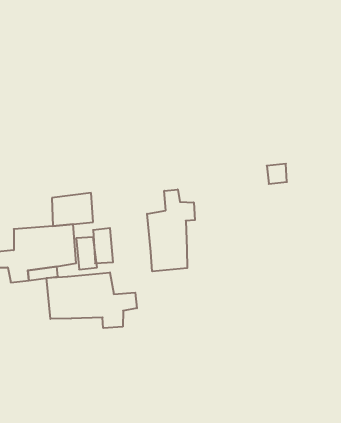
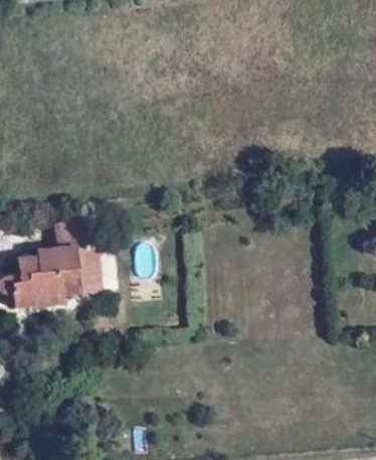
building: [147,189,195,271] -> none
building: [46,272,137,328] -> none

